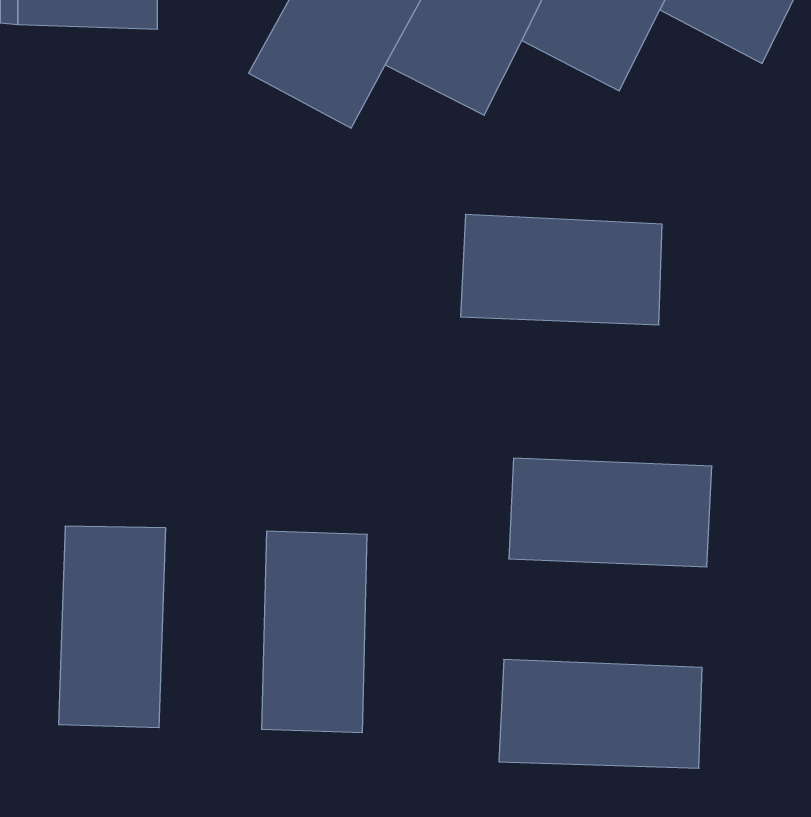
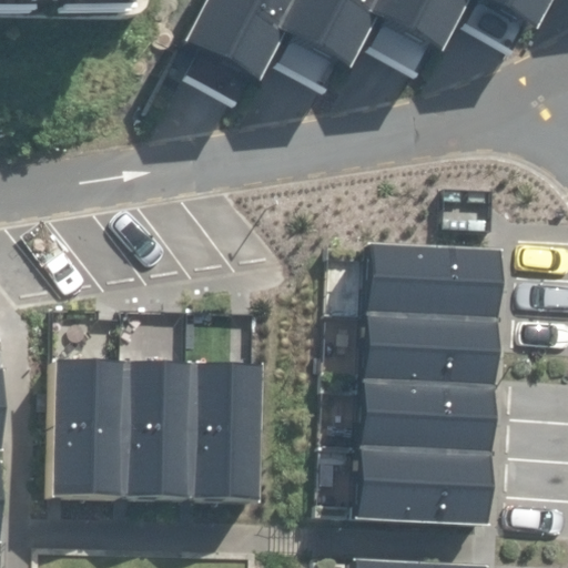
building: [461,214,662,325] -> [364,243,501,318]
building: none -> [122,361,195,498]
building: none -> [357,382,496,456]

